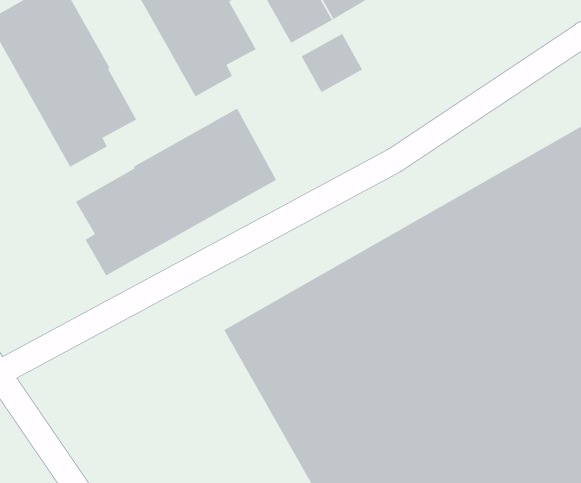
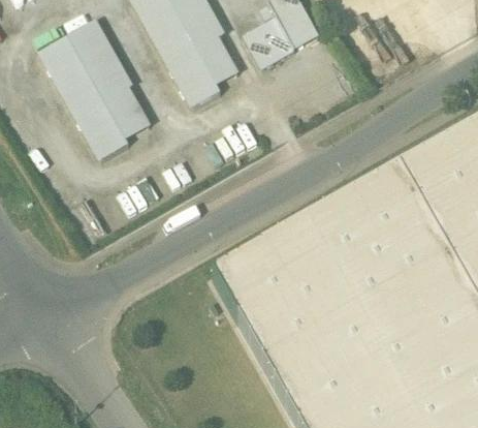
building: [300,33,363,93] -> none
building: [75,108,277,276] -> none

